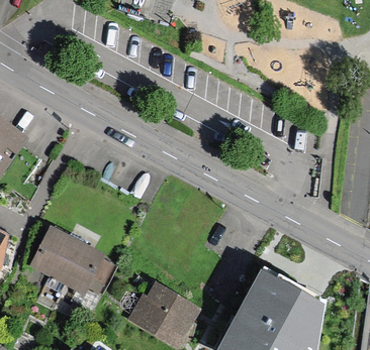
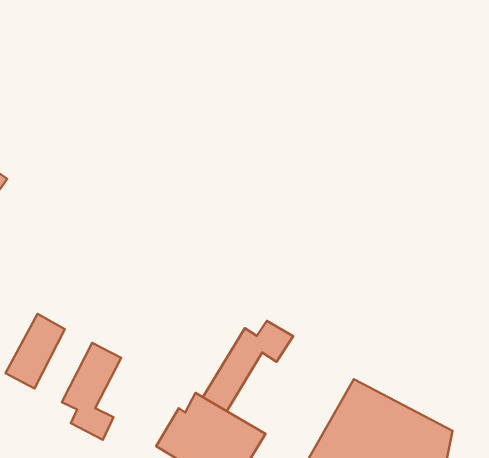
building: none -> [203,321,293,411]
building: [49,236,87,284] -> none

